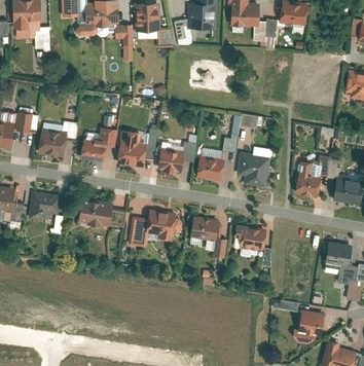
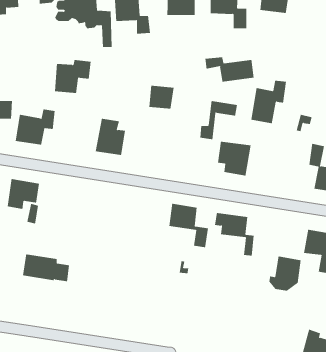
building: none -> [205,57,254,82]
building: [80,127,117,161] -> [54,59,91,94]
building: [158,148,184,172] -> [149,85,174,109]
building: [295,154,331,197] -> [251,80,287,124]
building: [197,155,225,181] -> none
building: [78,199,125,227] -> [22,254,70,282]
building: [129,209,182,247] -> none
building: [292,309,325,344] -> [268,256,302,291]

